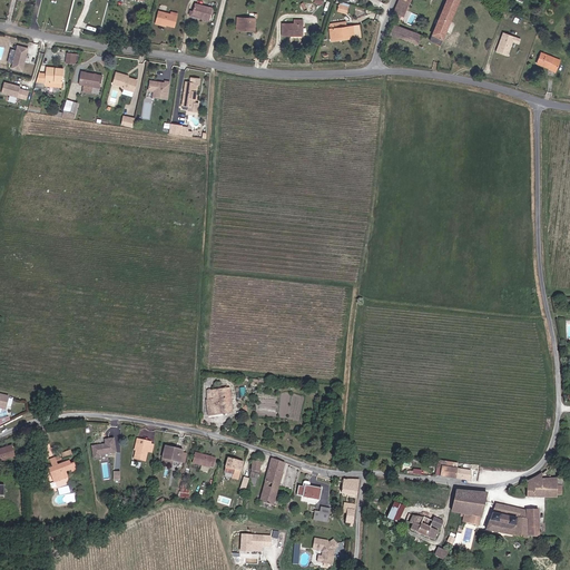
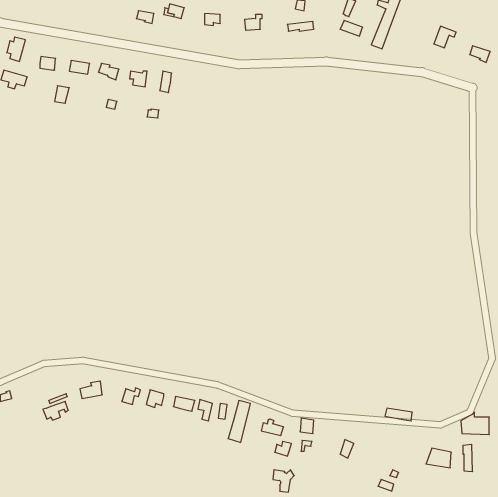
building: [206,389,232,414] -> none
building: [453,490,487,524] -> none
building: [493,503,530,538] -> none
building: [410,517,443,541] -> none
building: [239,531,272,551] -> none

